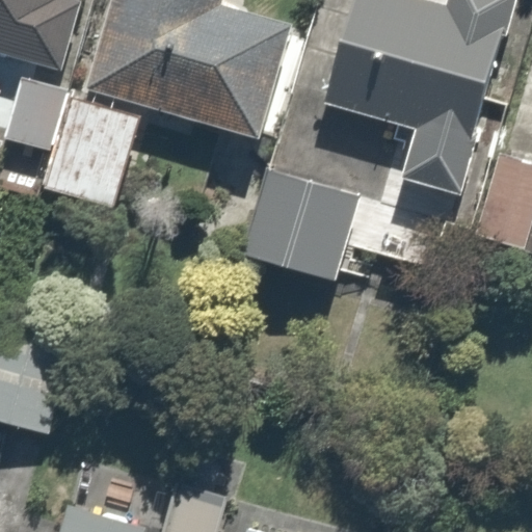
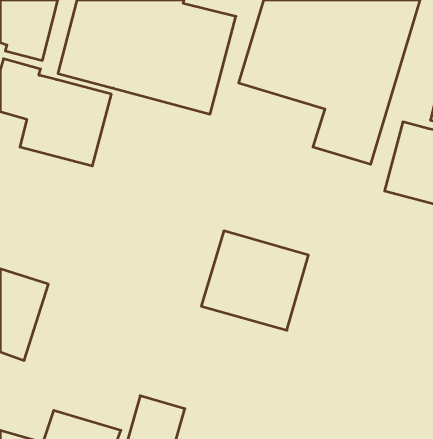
building: [228,161,356,281] -> [201,231,308,330]

